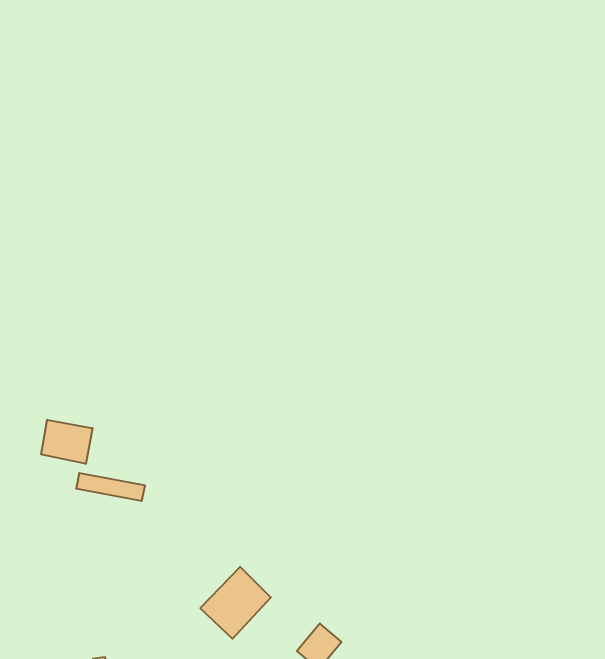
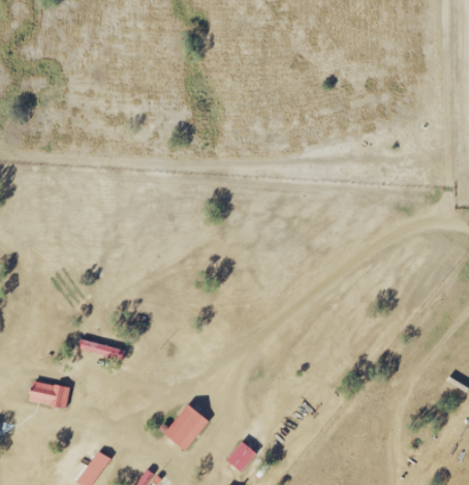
building: [41,420,93,464] -> none
building: none -> [31,383,68,405]

